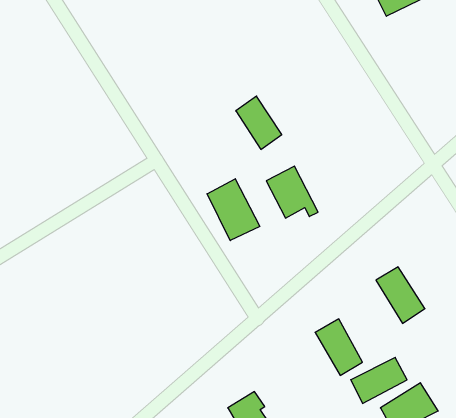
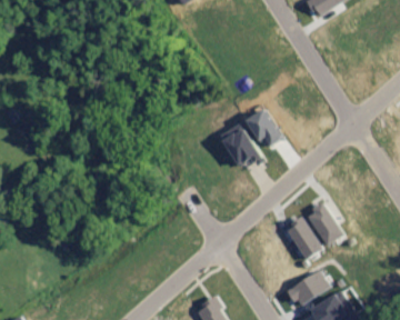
building: [236,96,282,149] -> [247,109,281,149]
building: [207,179,260,241] -> none
building: [315,319,362,375] -> [284,218,320,260]

